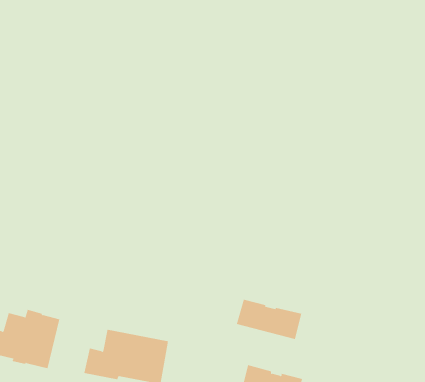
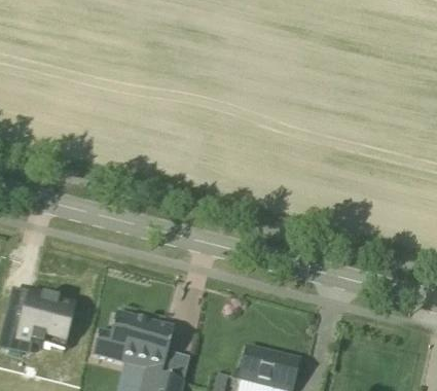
building: [236,299,302,340] -> none

